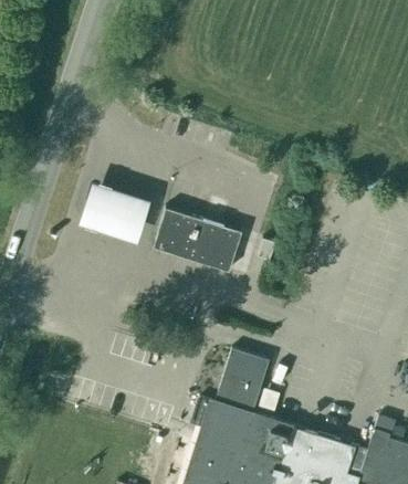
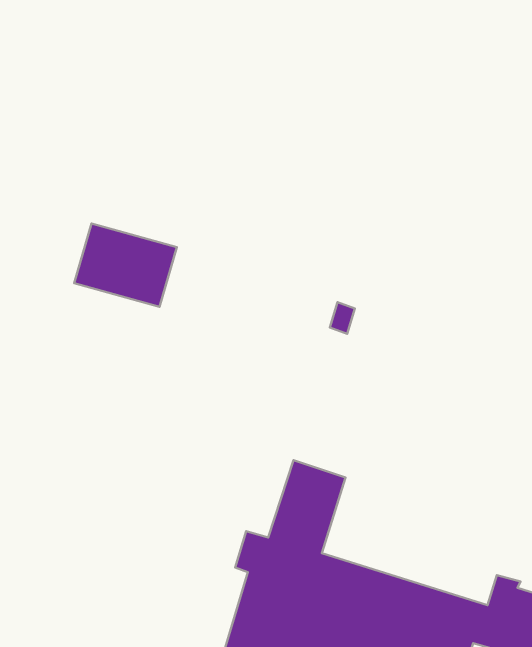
building: [154,209,242,272] -> none

